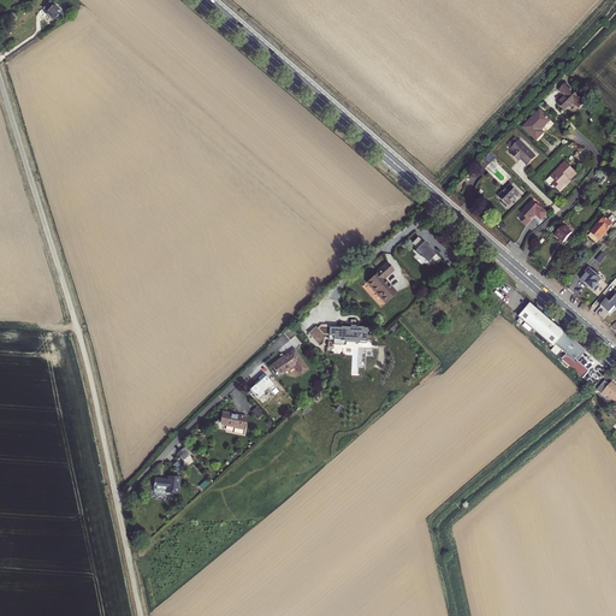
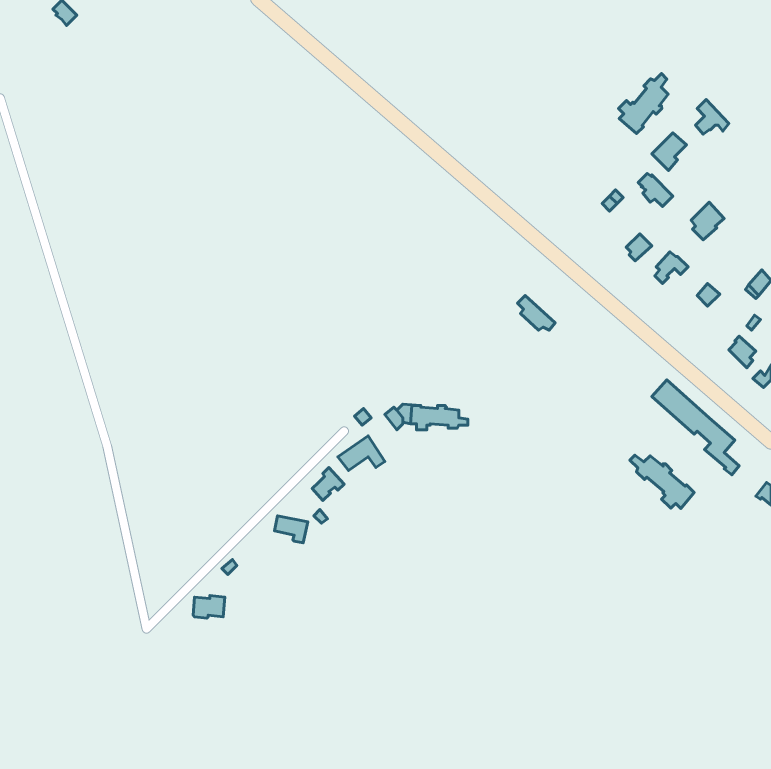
building: none -> [618,74,668,134]
building: [366,262,396,303] -> none
building: none -> [630,455,694,509]

